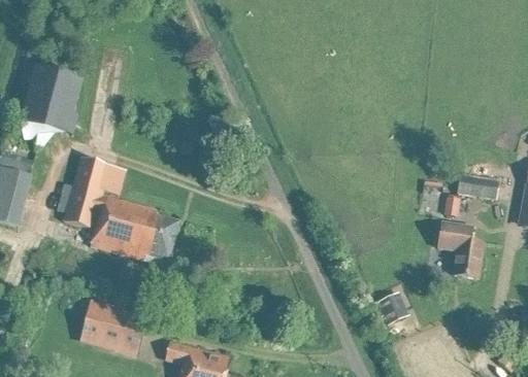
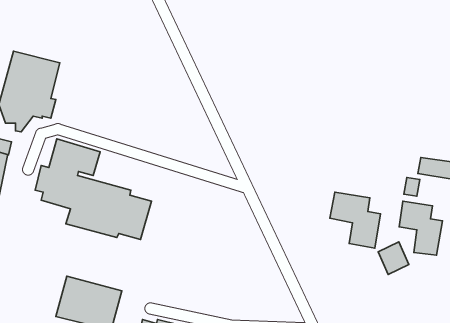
building: none -> [330,192,381,248]
building: [375,290,407,324] -> [378,242,409,274]

